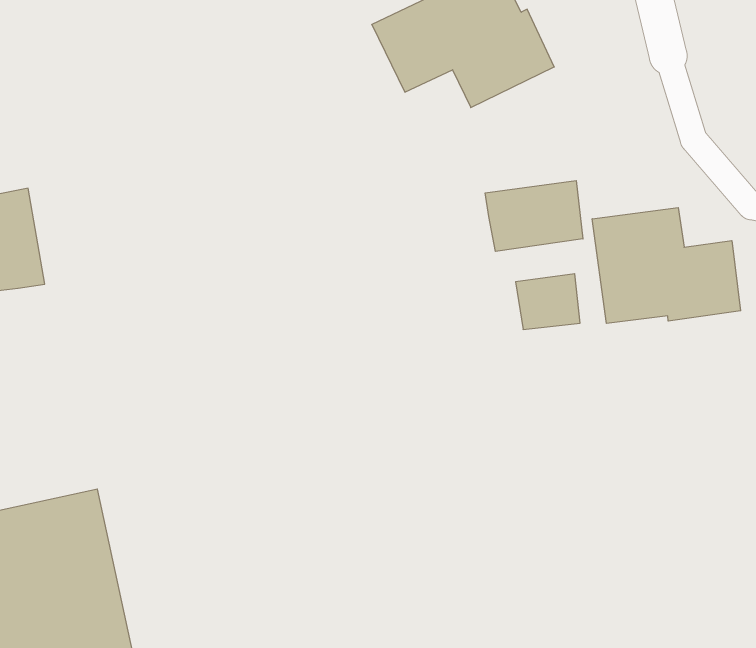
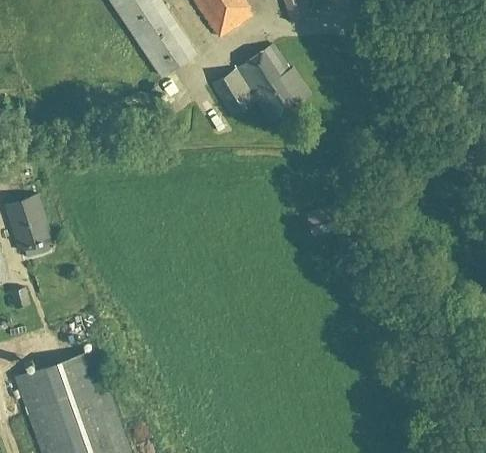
building: [485,181,583,251] -> none
building: [592,208,741,323] -> none

